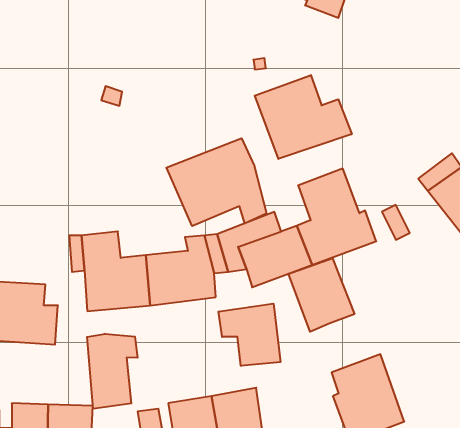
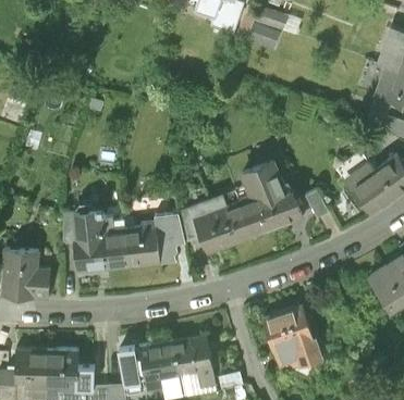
building: [255,75,352,159] -> none
building: [166,138,266,226] -> none
building: [288,258,354,332] -> none
building: [218,304,280,366] -> none
building: [87,334,138,409] -> none

